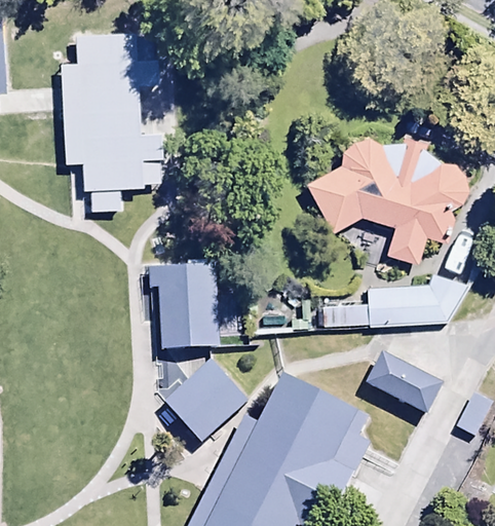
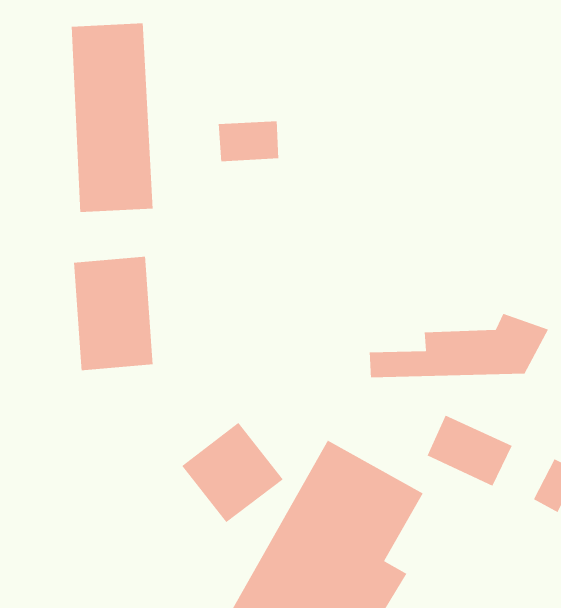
building: none -> [218,121,279,162]
building: [307,136,467,261] -> none
building: [151,258,217,352] -> [73,256,153,371]

